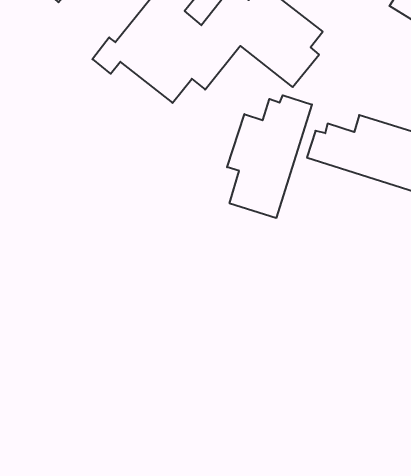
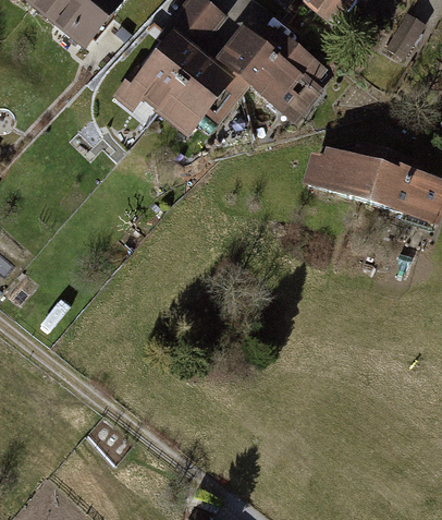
building: [227,95,312,218] -> none

